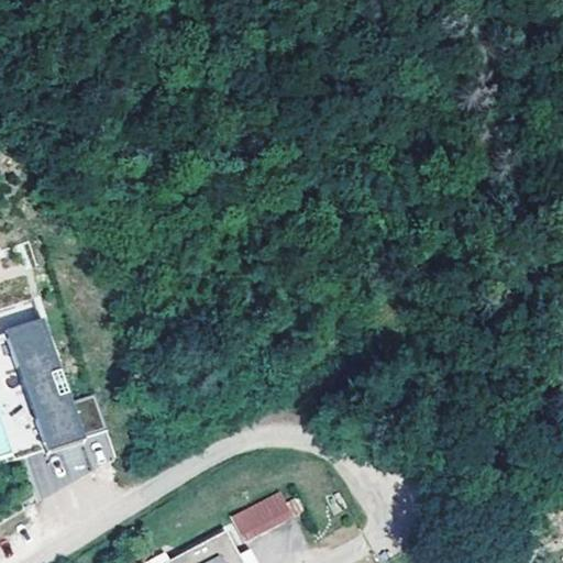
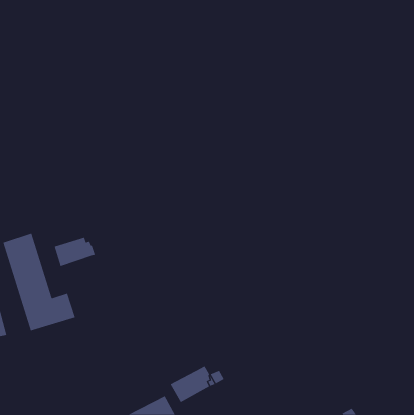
building: none -> [54,237,96,267]

